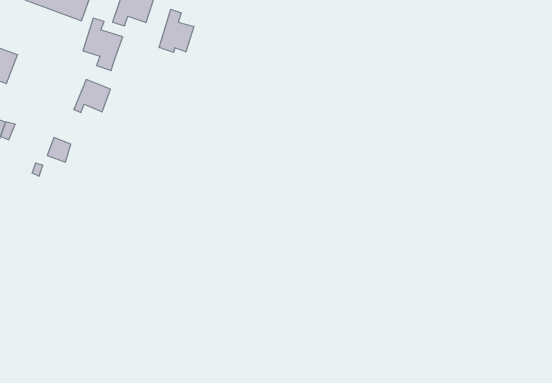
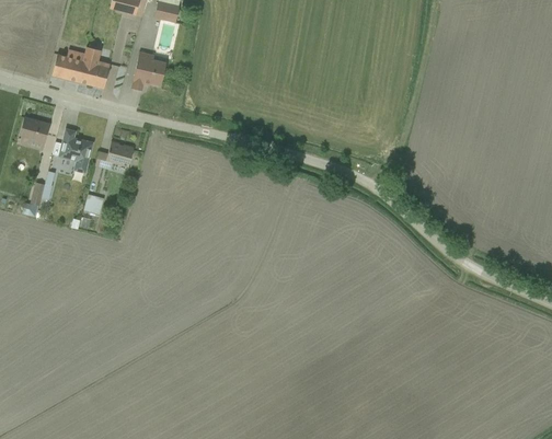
building: [159,9,194,52] -> none
building: [83,18,123,71] -> [59,127,93,172]

